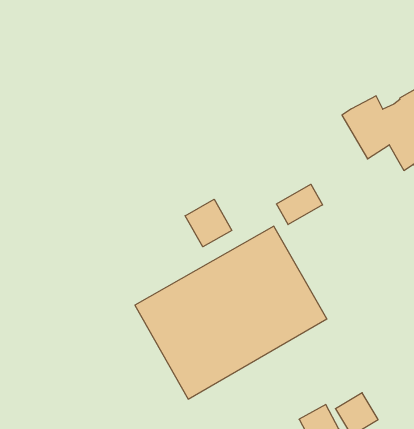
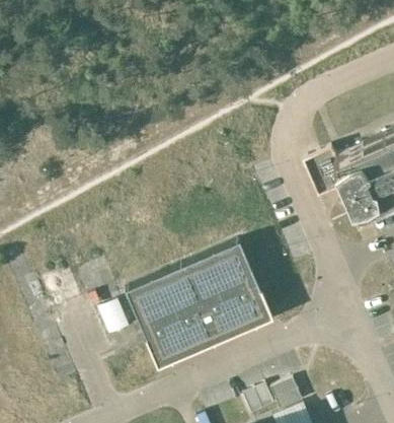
building: [276,184,323,225] -> none
building: [185,199,232,247] -> none

